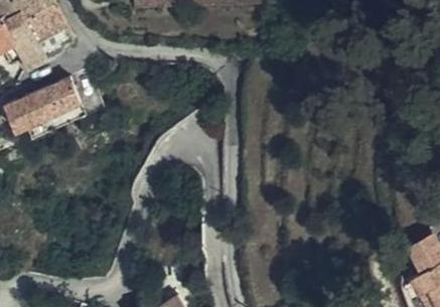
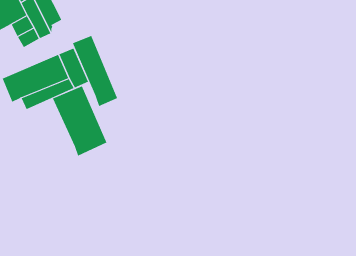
building: none -> [72,35,118,107]
building: none -> [52,86,107,156]

